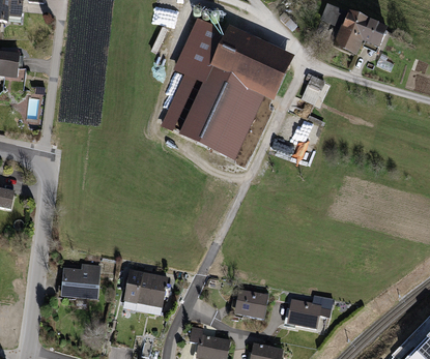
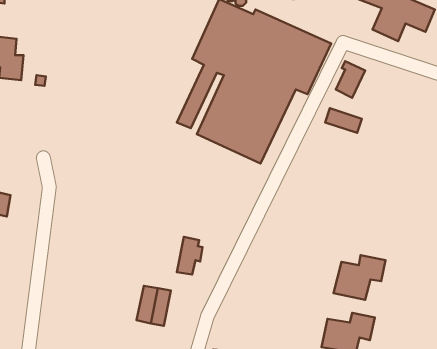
building: none -> [334,255,386,300]
building: [61,263,102,300] -> none
building: [148,274,171,307] -> [177,237,203,274]
building: [234,289,268,319] -> none

